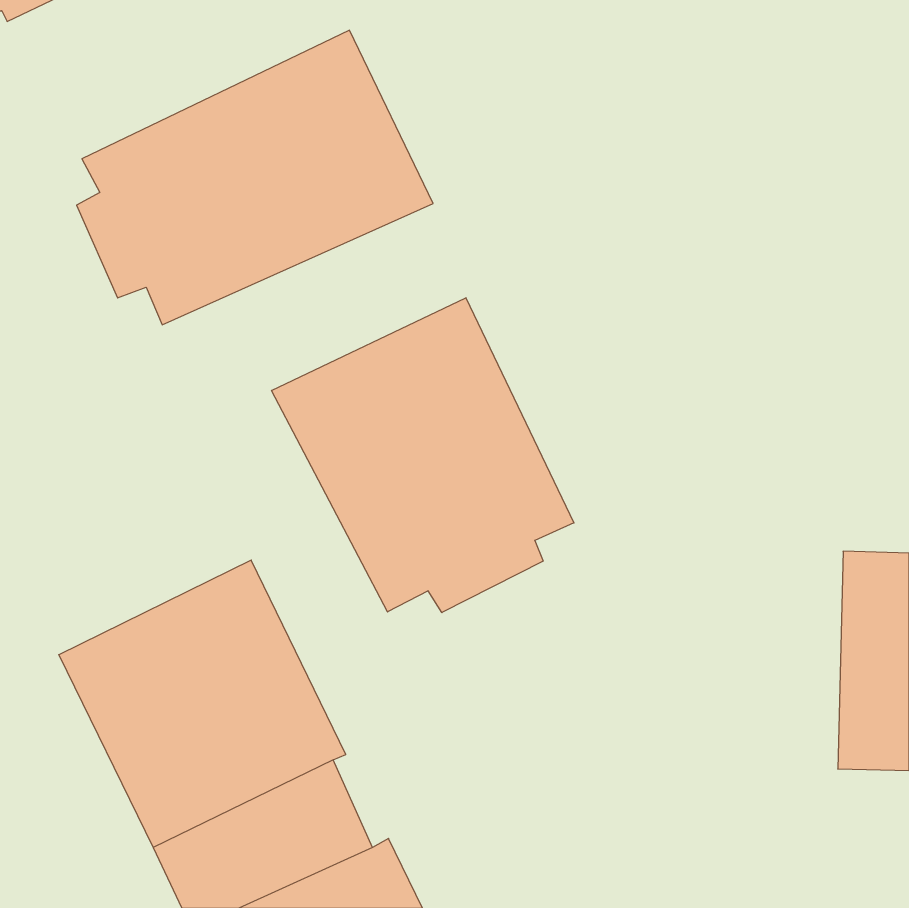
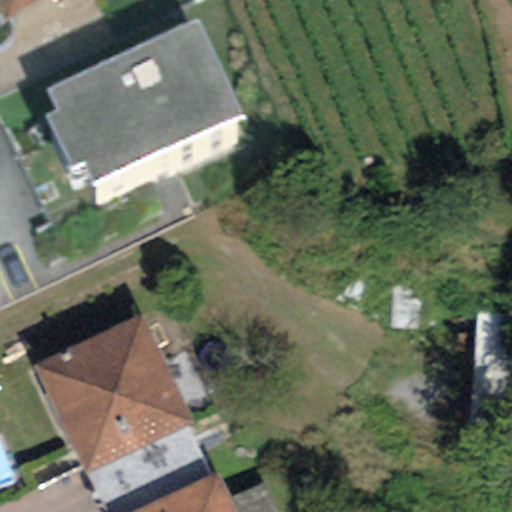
building: [272,298,574,613] -> none

